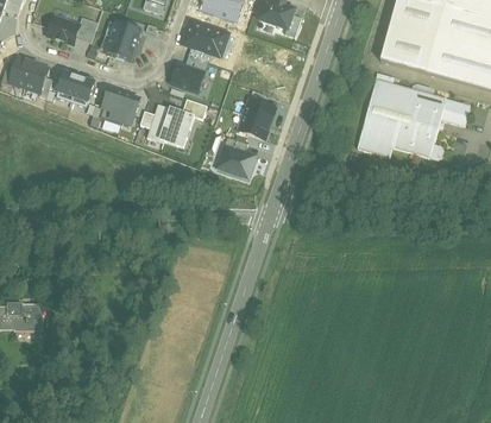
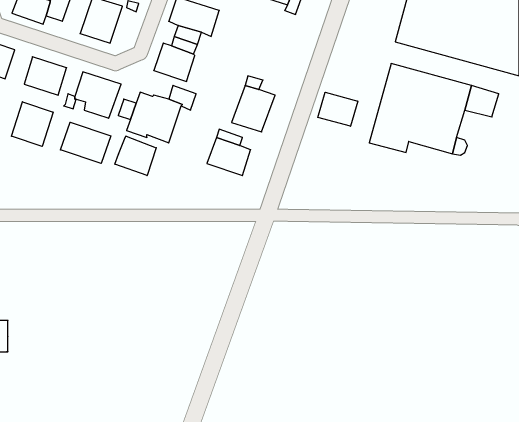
building: none -> [318,92,358,126]
building: none -> [11,102,53,146]
building: none -> [60,122,111,163]
building: none -> [115,136,156,176]

